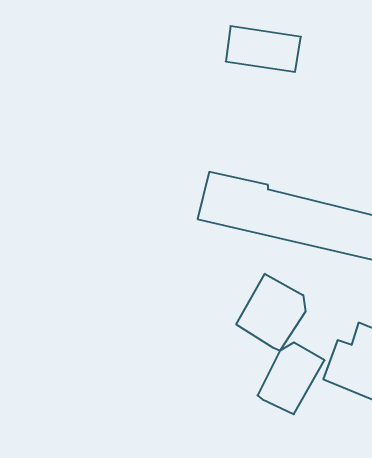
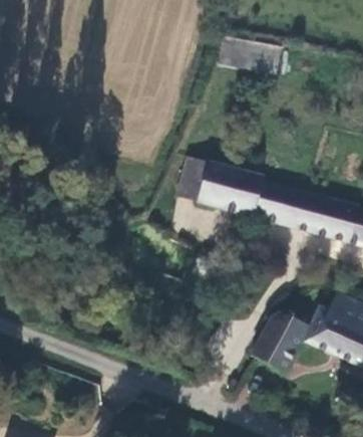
building: none -> [174,159,207,204]
building: [236,274,306,351] -> none

